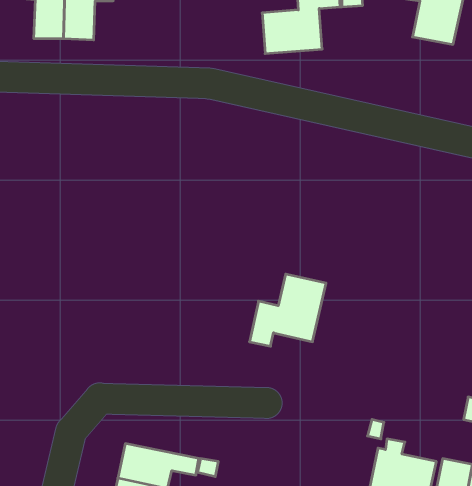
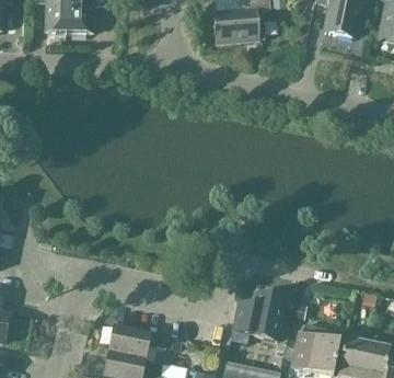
building: [249,274,326,346] -> [230,289,286,342]

